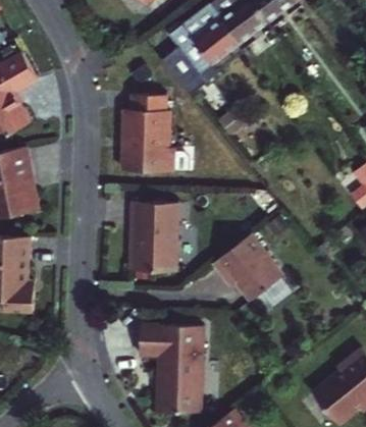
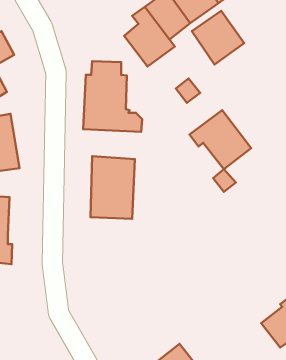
building: none -> [192,11,244,64]
building: [208,230,277,297] -> [189,110,251,169]
building: [144,326,205,413] -> none

